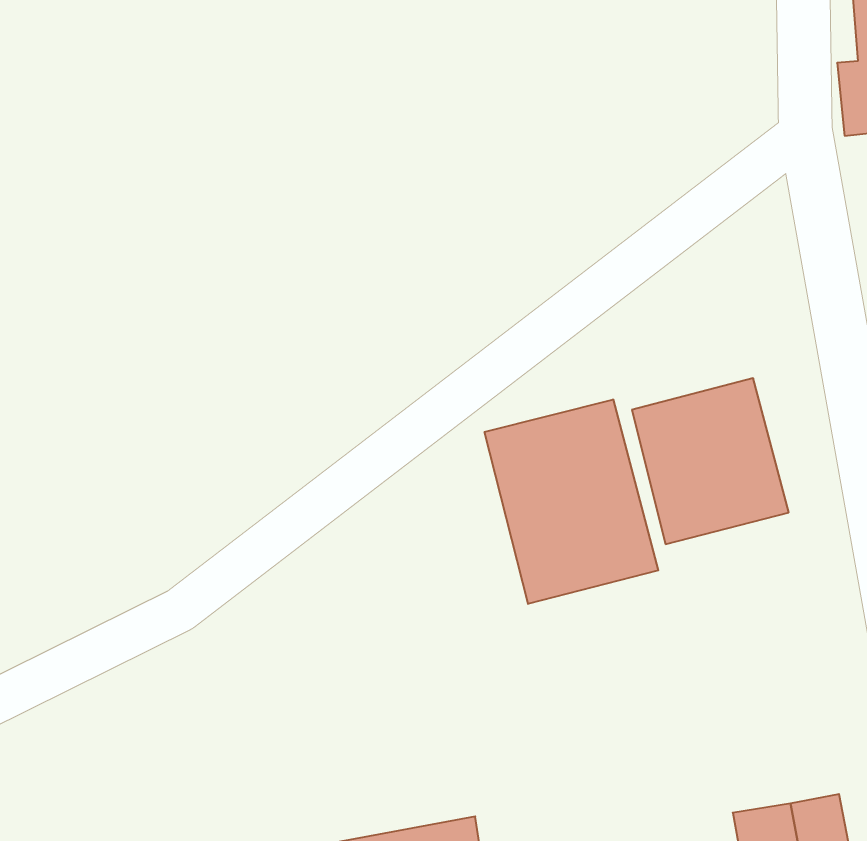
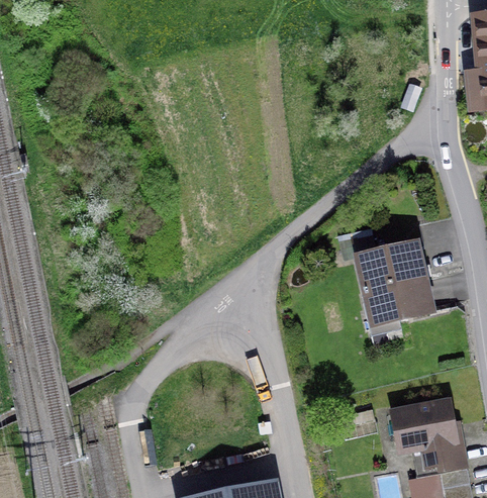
building: [485,399,658,604] -> none
building: none -> [388,398,463,473]

